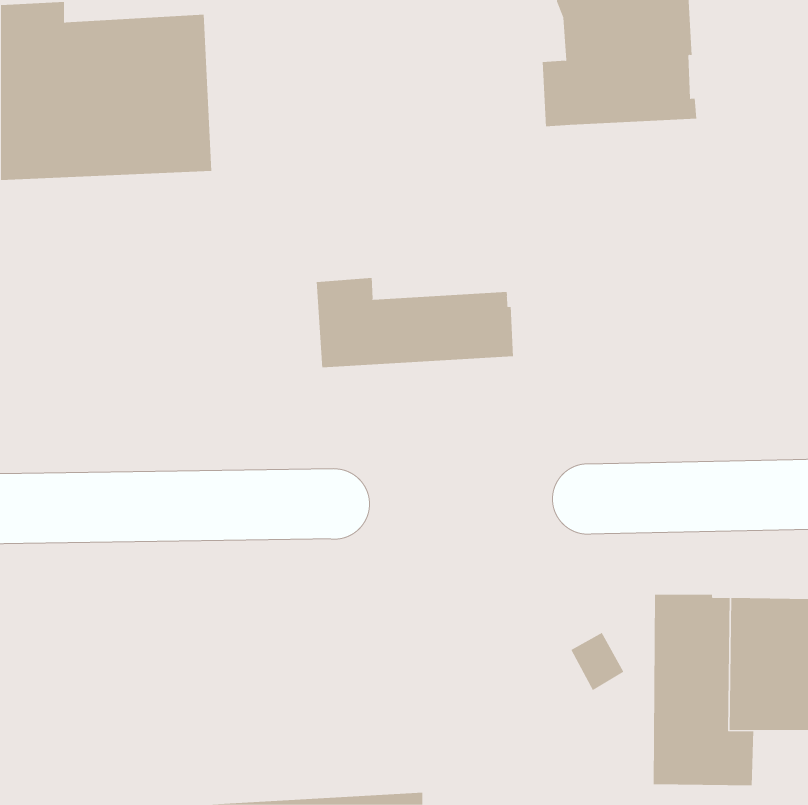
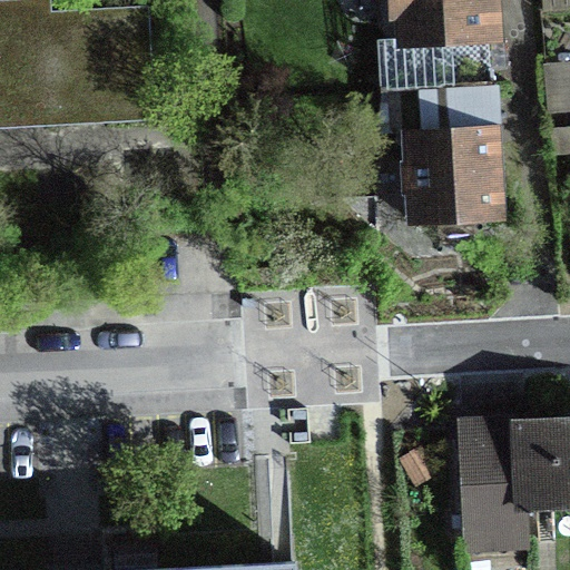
building: none -> [402,83,499,246]
building: [316,277,514,368] -> none

